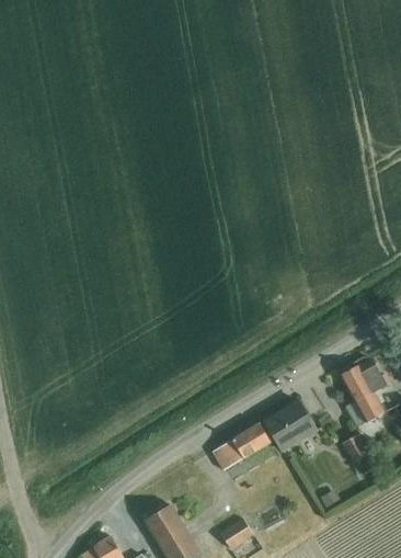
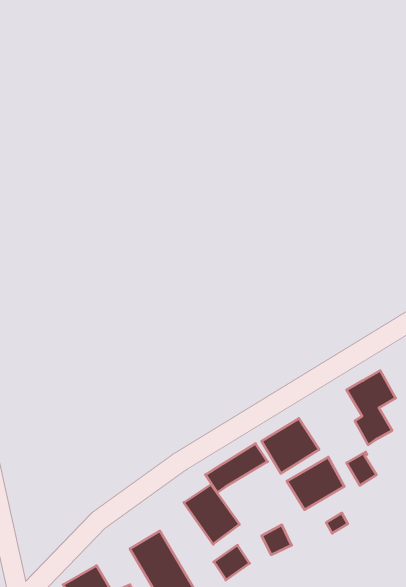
building: none -> [287,457,344,510]
building: none -> [184,485,239,544]

